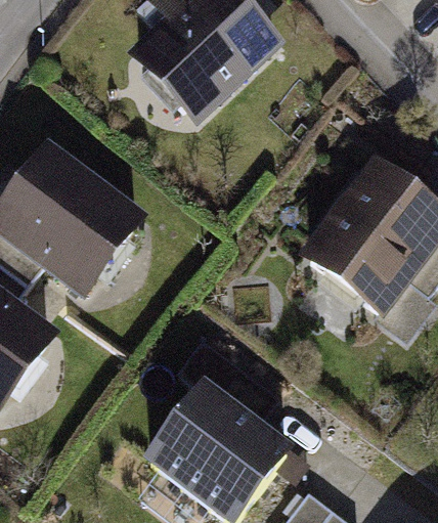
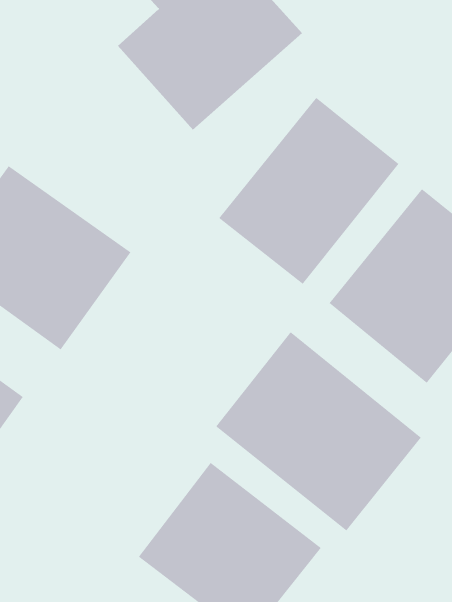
building: none -> [218,97,400,285]
building: none -> [215,331,422,531]

